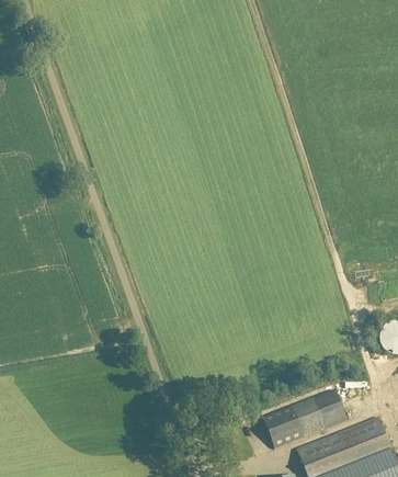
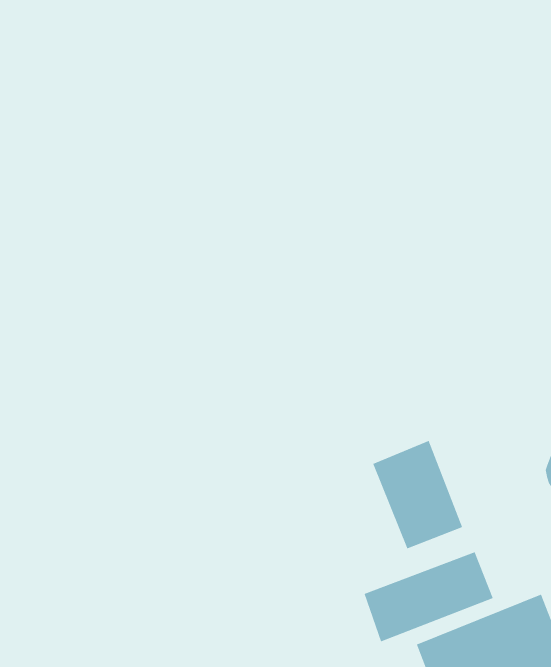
building: none -> [372,440,463,549]

